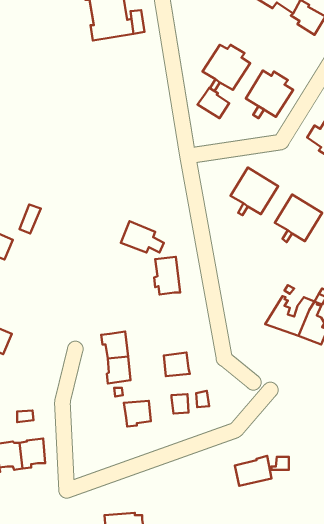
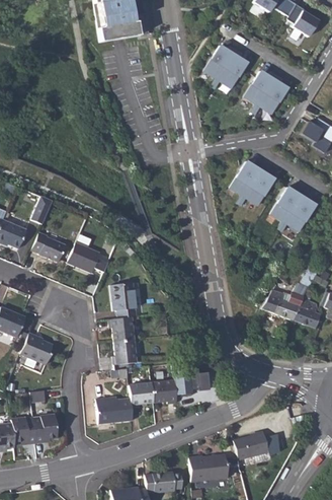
building: [198,88,229,118] -> none
building: [121,221,164,252] -> [67,241,107,271]
building: none -> [31,231,65,261]
building: [154,257,180,295] -> [111,282,136,317]
building: none -> [19,333,53,365]
building: [164,352,190,376] -> [153,377,177,400]
building: none -> [98,397,135,422]
building: none -> [190,455,229,480]
building: none -> [146,472,182,492]

